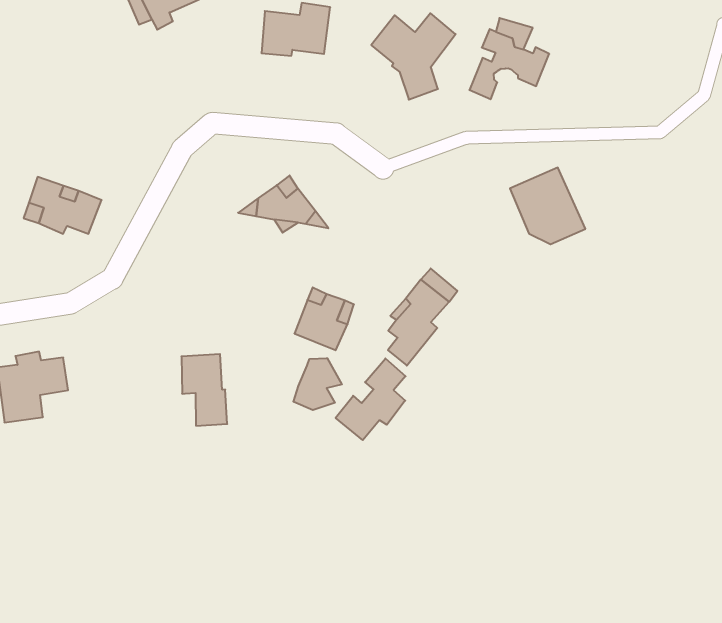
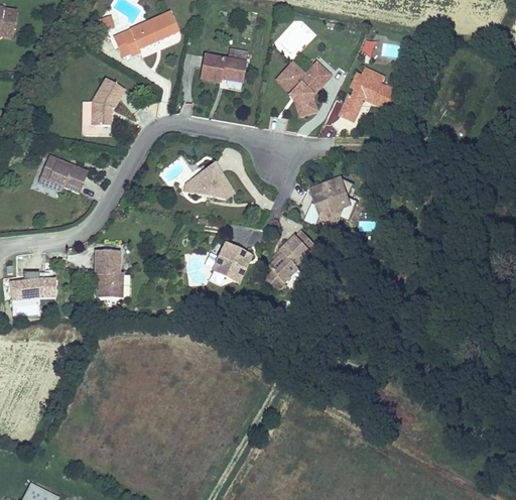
building: none -> [79,74,124,129]
building: [510,168,585,244] -> [309,175,359,227]
building: [181,354,227,426] -> [93,249,122,296]
building: [293,358,342,410] -> none
building: [336,358,406,440] -> none

